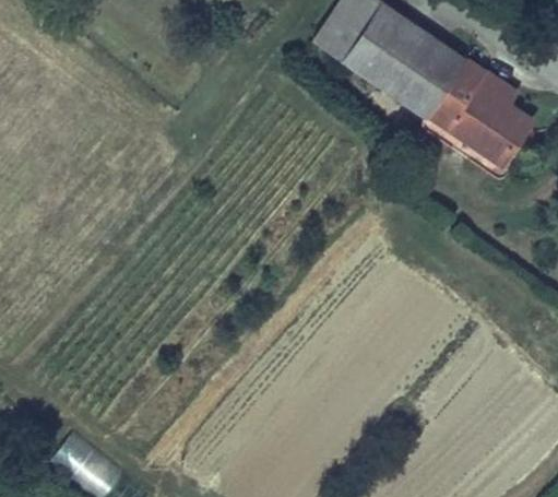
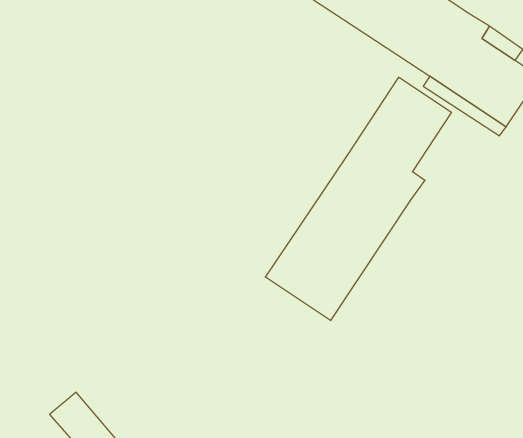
building: none -> [265,77,451,321]

